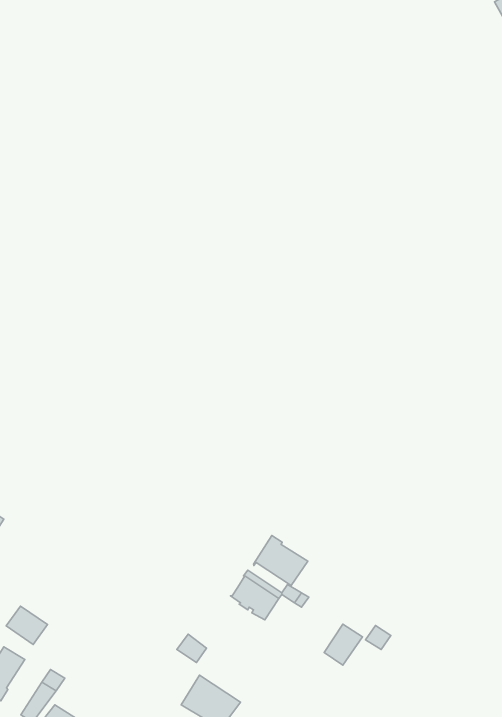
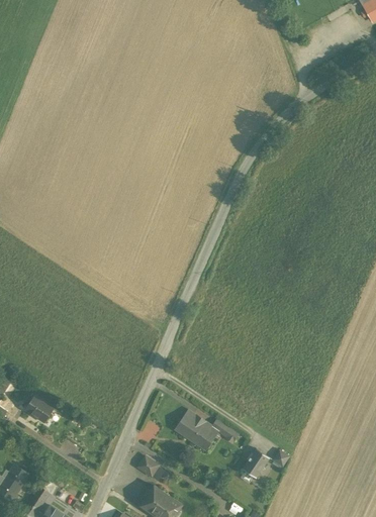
building: [253,535,308,586] -> none
building: [6,606,47,644] -> [25,395,55,422]

